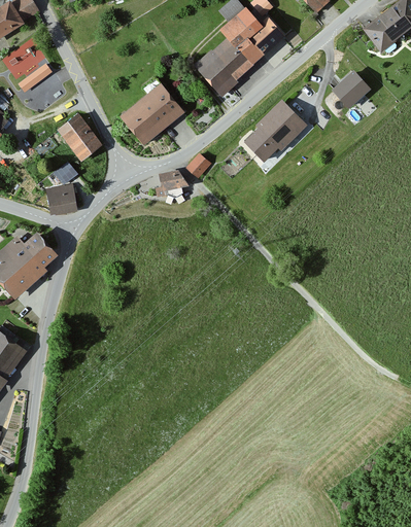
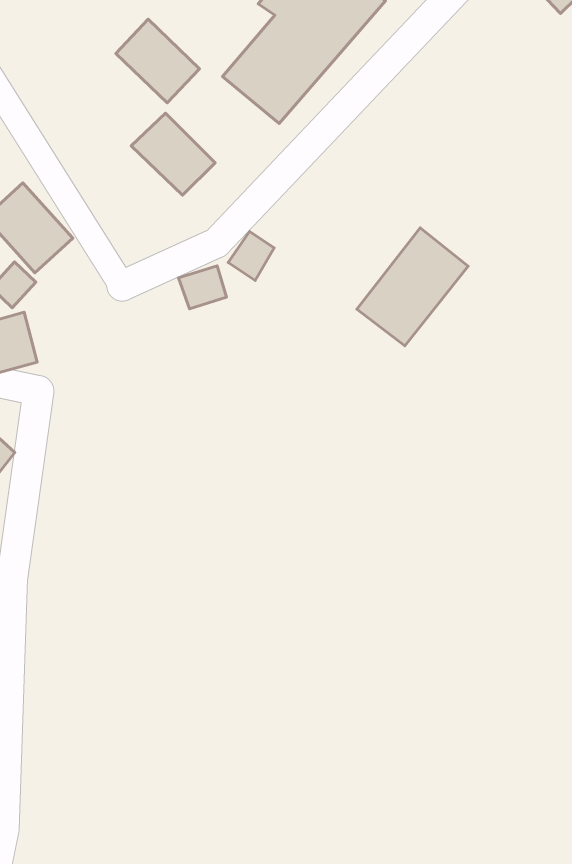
building: [333,70,370,107] -> none
building: [119,100,164,146] -> [116,19,200,103]
building: [241,101,304,164] -> [357,228,468,346]

